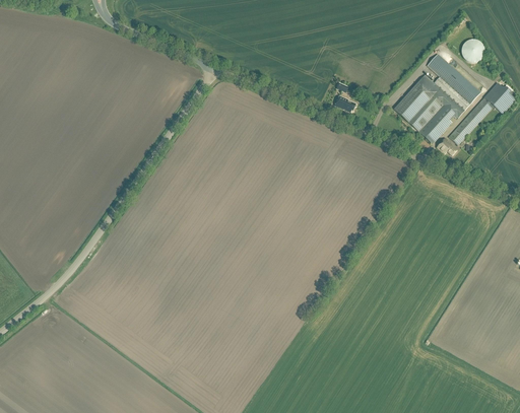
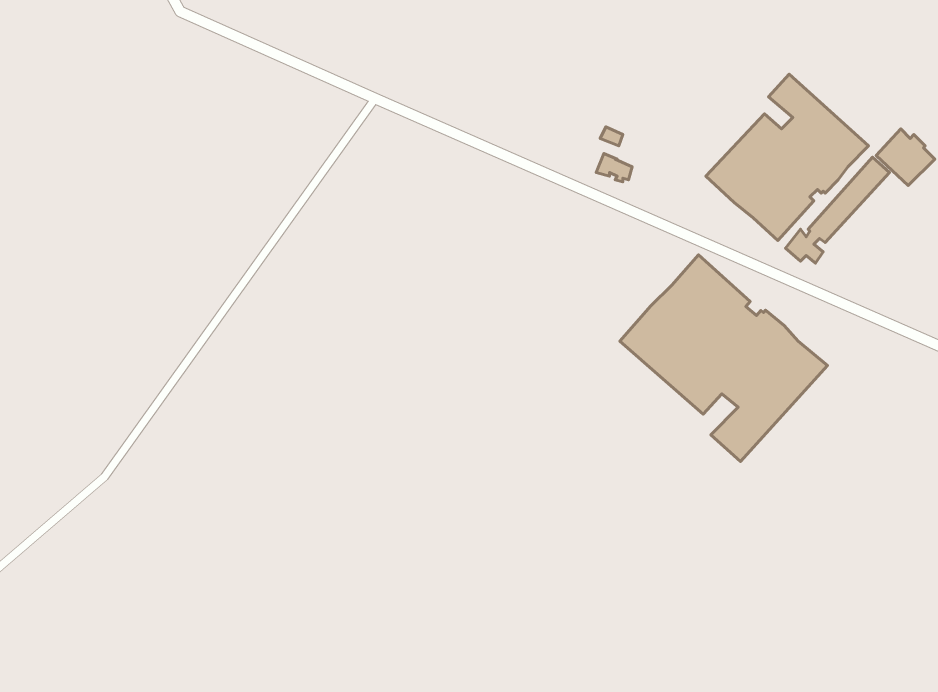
building: [461,39,484,61] -> none
building: none -> [620,255,828,462]

